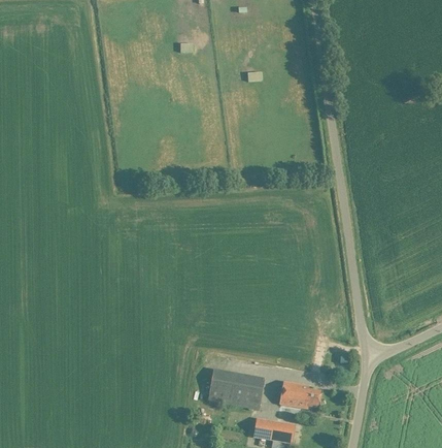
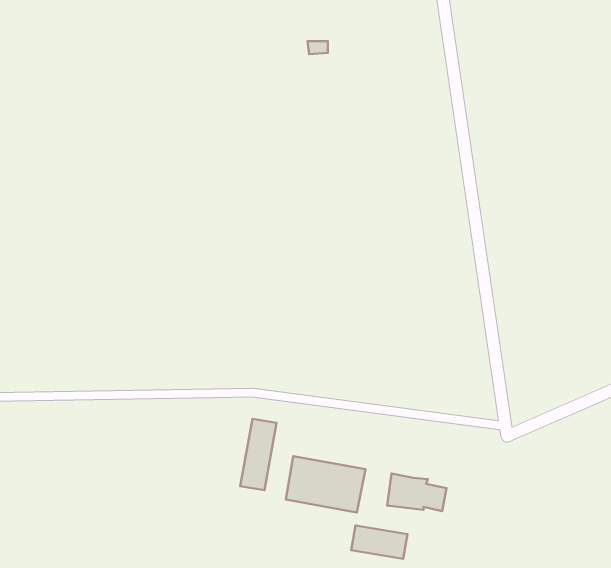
building: none -> [240,419,277,490]

